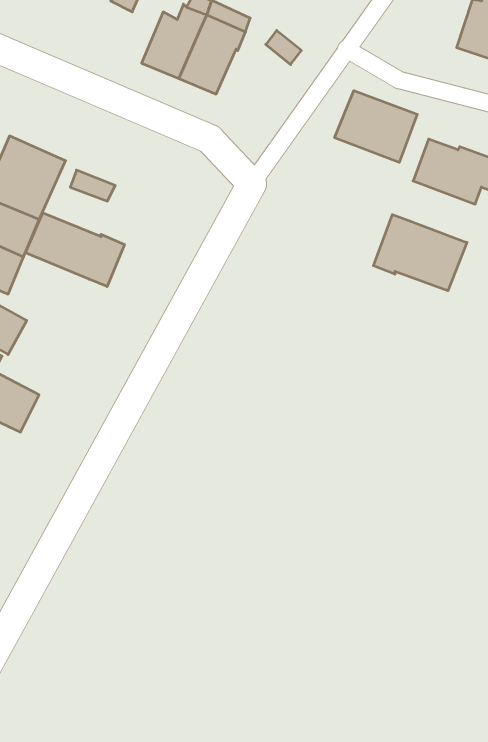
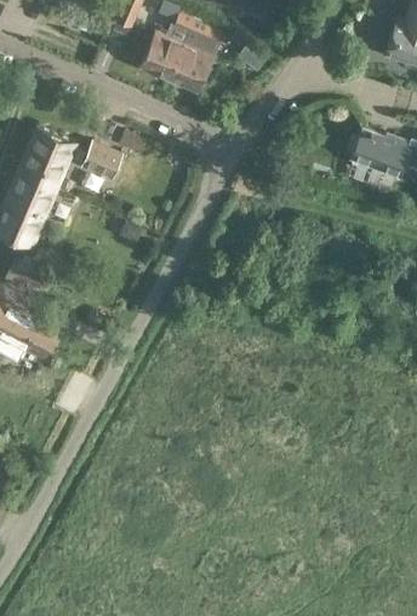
building: [335,91,417,162] -> none
building: [25,213,124,287] -> none
building: [373,215,467,291] -> none

